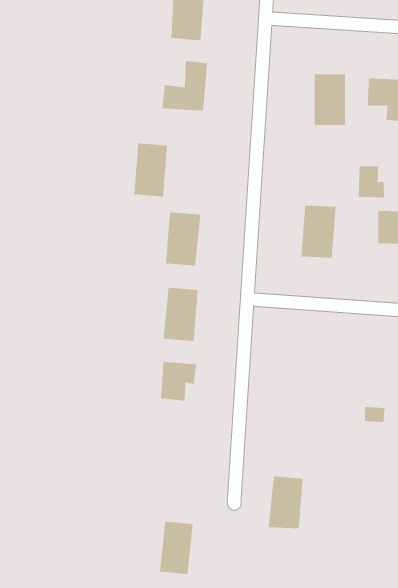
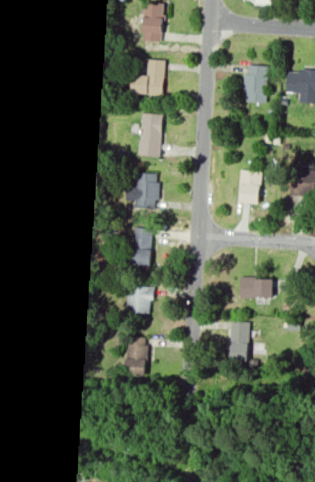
building: [133,143,168,197] -> [141,112,167,153]
building: [358,165,385,198] -> none
building: none -> [235,275,275,300]
building: [268,476,304,529] -> [225,320,252,360]
building: [159,521,194,574] -> [124,339,150,379]

